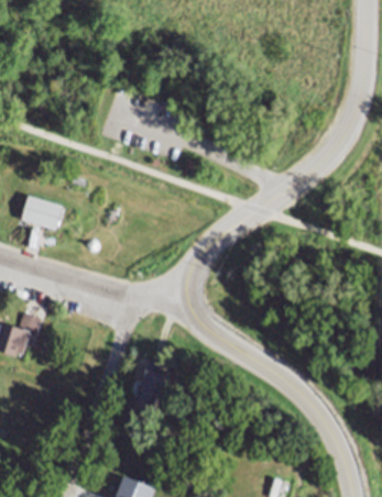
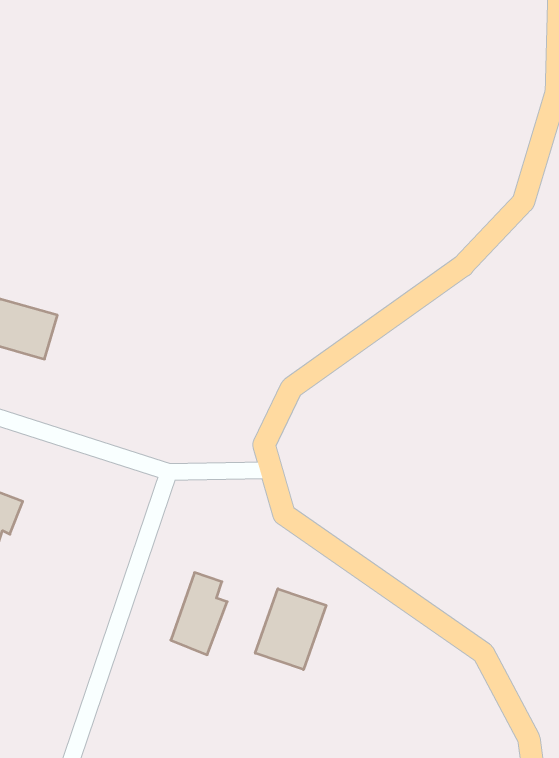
building: none -> [255,589,326,670]

